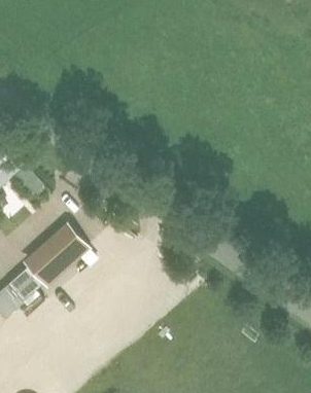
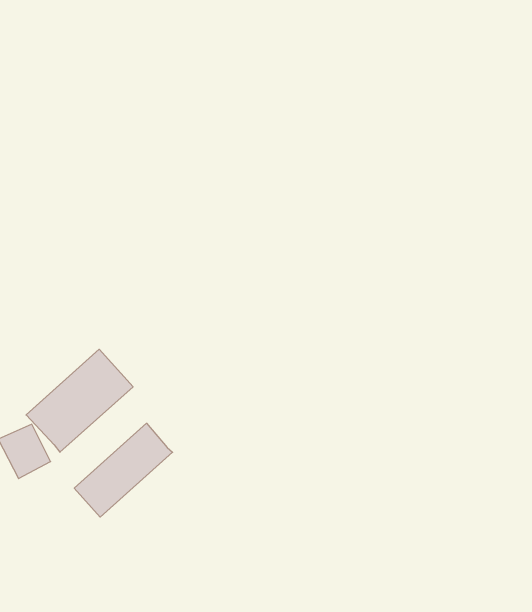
building: none -> [74,423,173,517]

